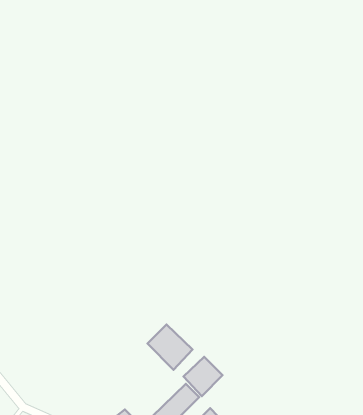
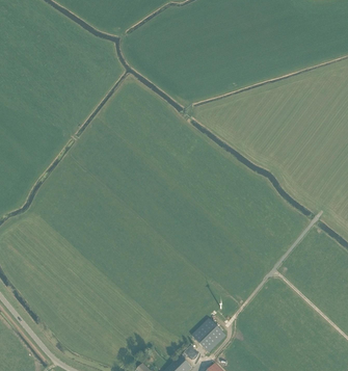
building: [147,325,192,370] -> none

